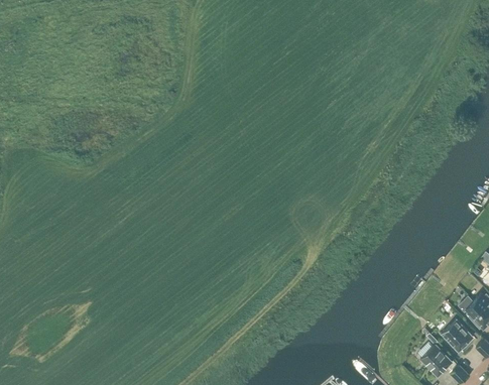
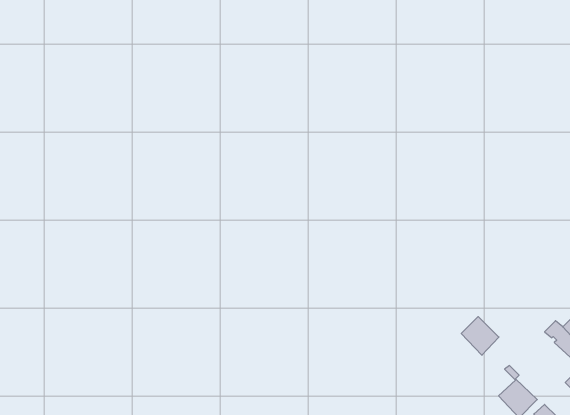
building: [442,319,473,352] -> [461,317,499,355]

